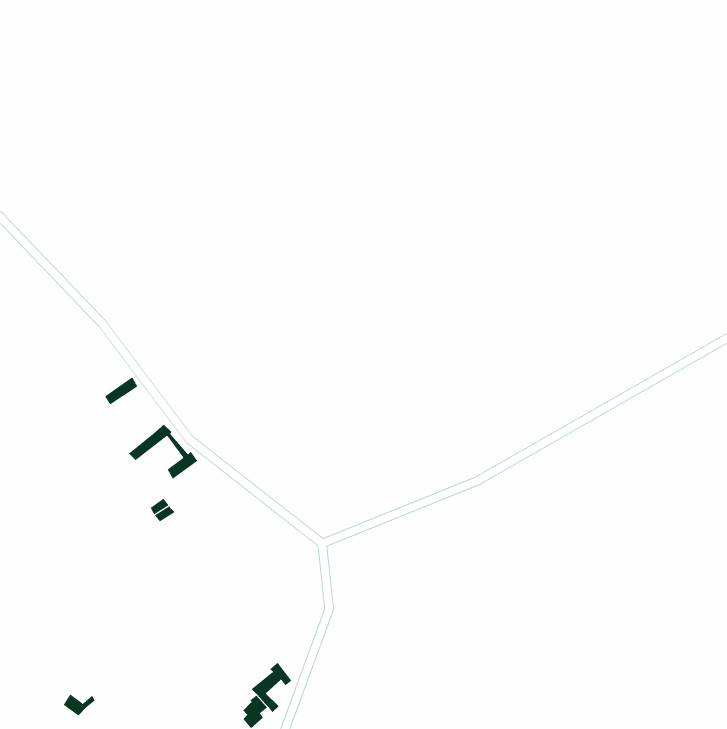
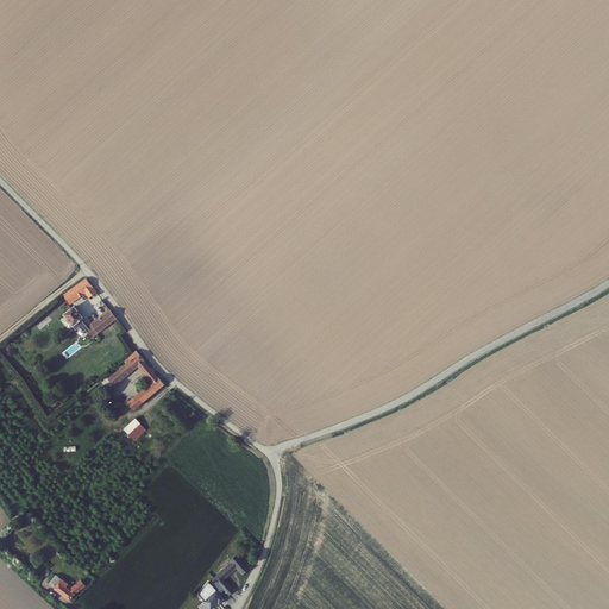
building: none -> [62,281,98,333]

